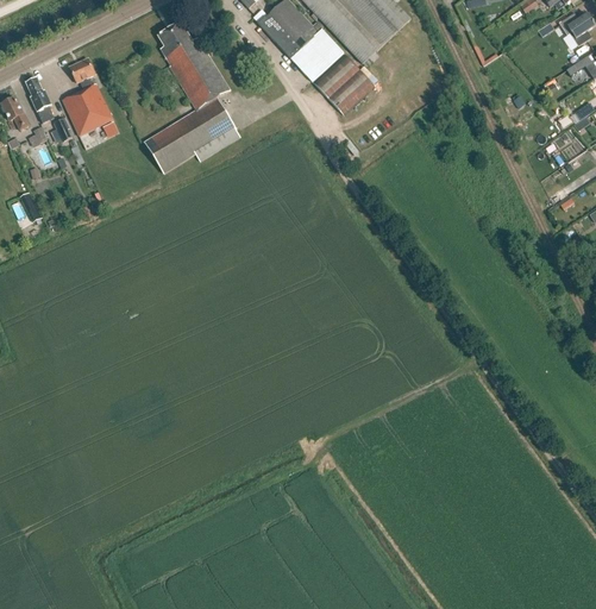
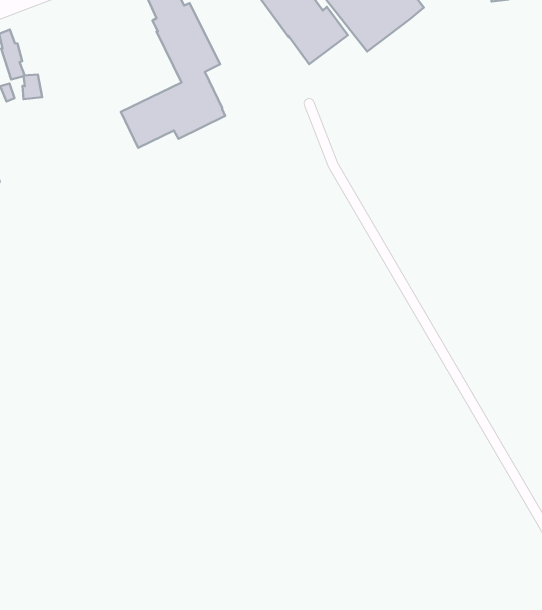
building: [313,54,372,113] -> none
building: [61,56,113,133] -> none

